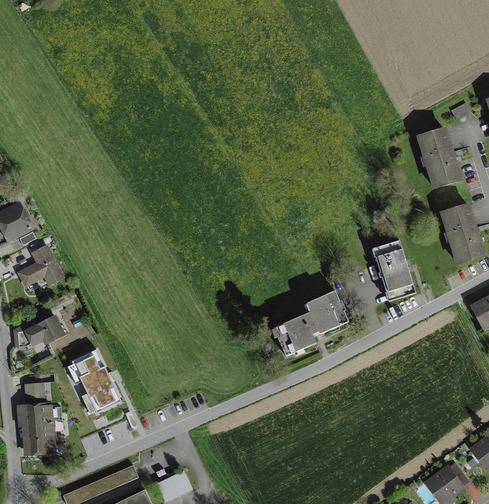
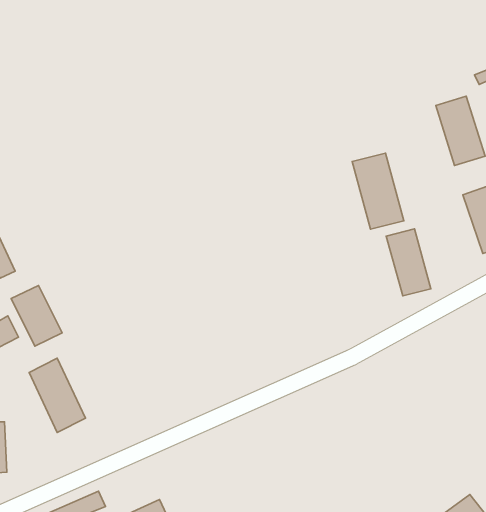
building: none -> [352,153,404,229]
building: none -> [11,285,62,346]
building: [273,292,347,356] -> none

